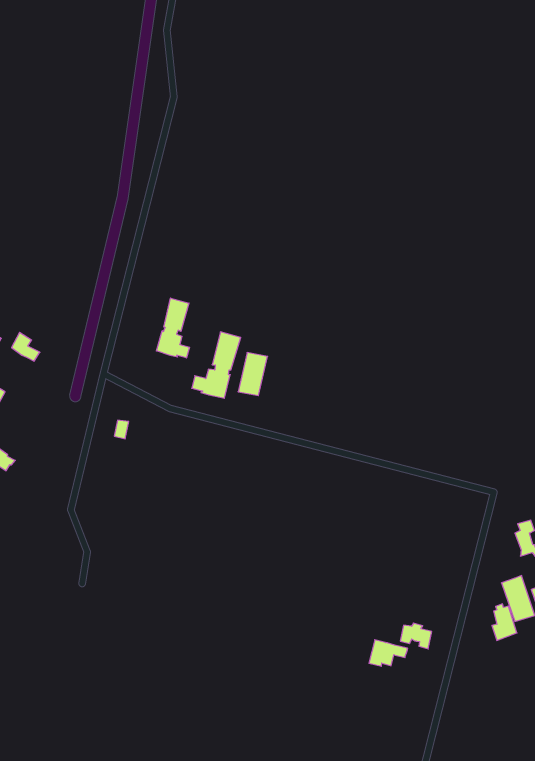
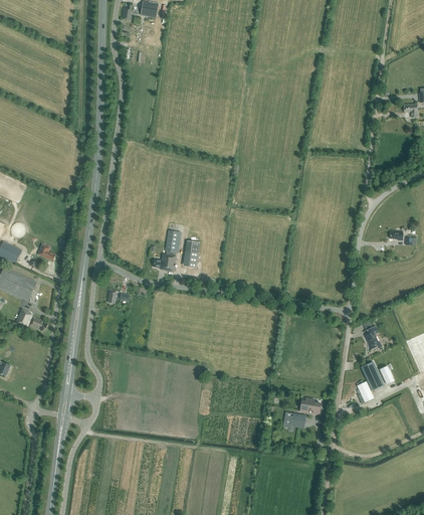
building: [156,298,190,358] -> none

